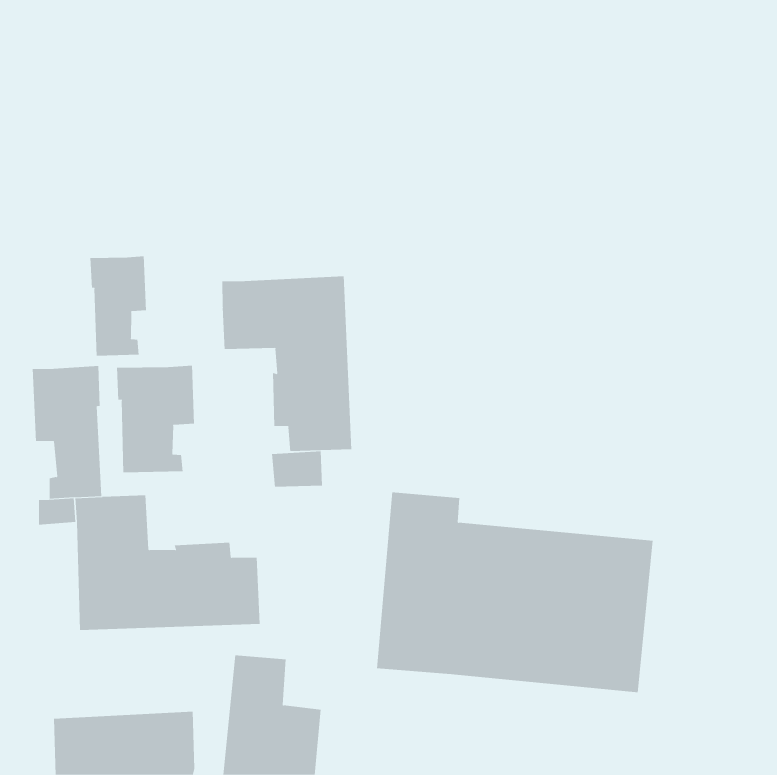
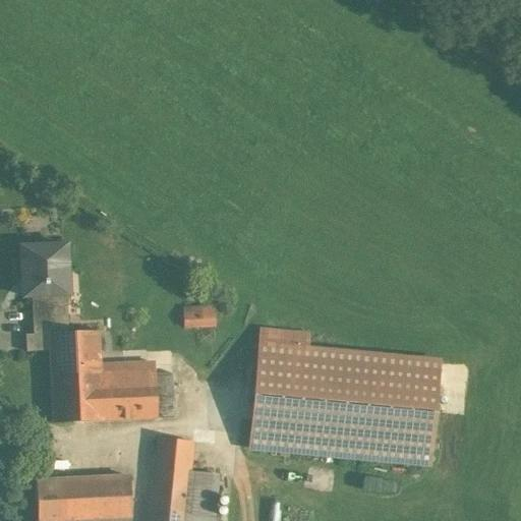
building: [90,255,146,356] -> none
building: [222,276,352,452] -> none
building: [116,365,194,473] -> none

